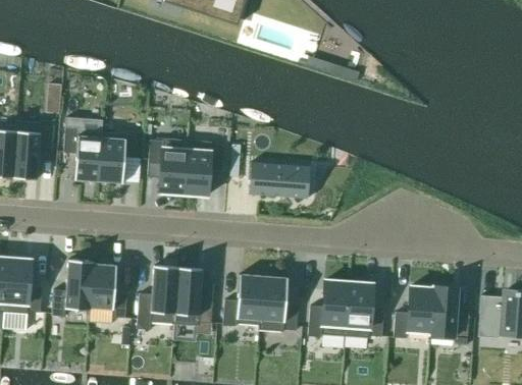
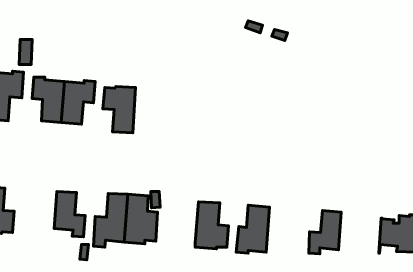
building: [184,140,223,196] -> none
building: [249,162,310,199] -> none
building: [51,260,93,316] -> none
building: [222,274,262,326] -> none
building: [343,282,383,338] -> none
building: [429,285,469,345] -> none

